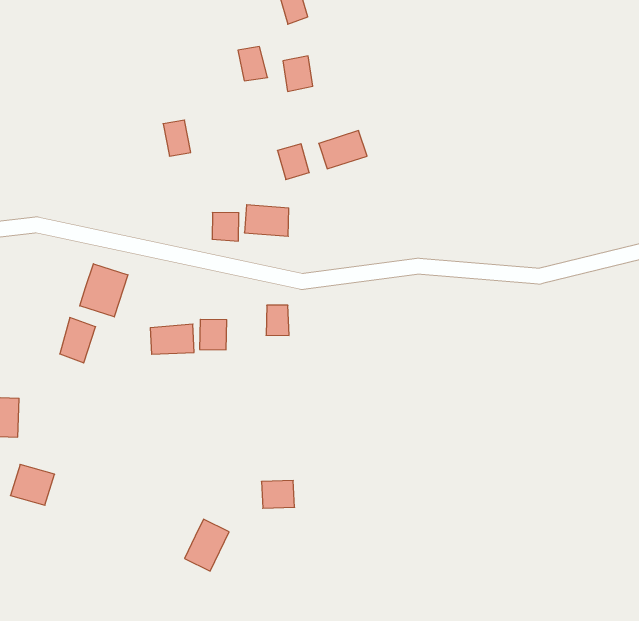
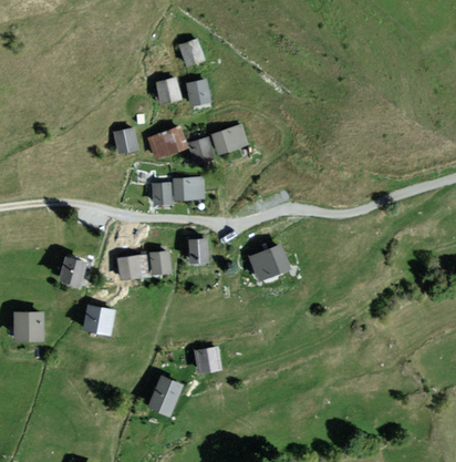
building: none -> [152,127,186,156]
building: [80,264,128,317] -> none
building: none -> [252,247,287,277]
building: [10,464,55,505] -> [86,307,113,331]

